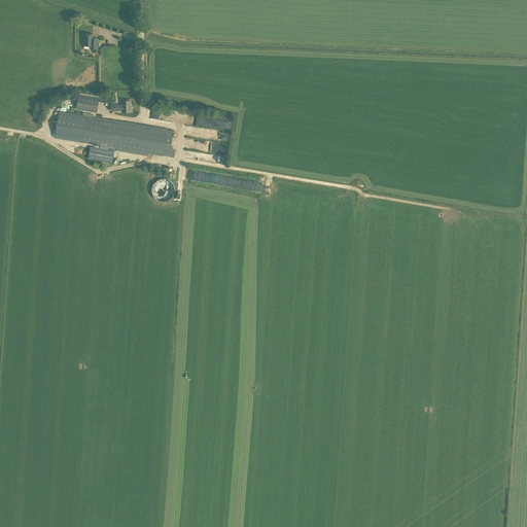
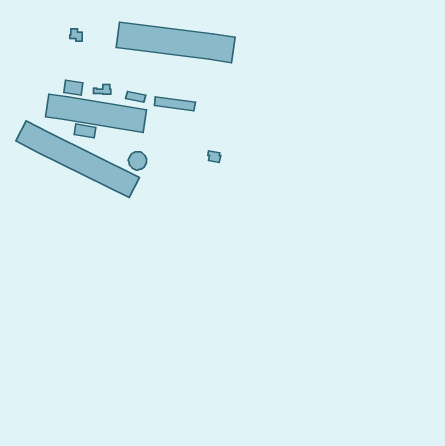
building: none -> [116,22,235,63]
building: none -> [16,121,139,198]

